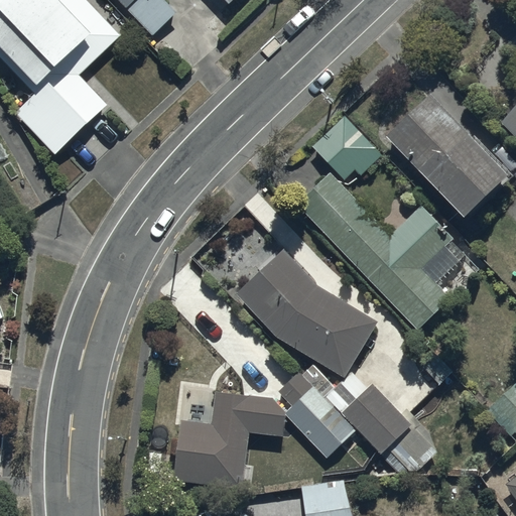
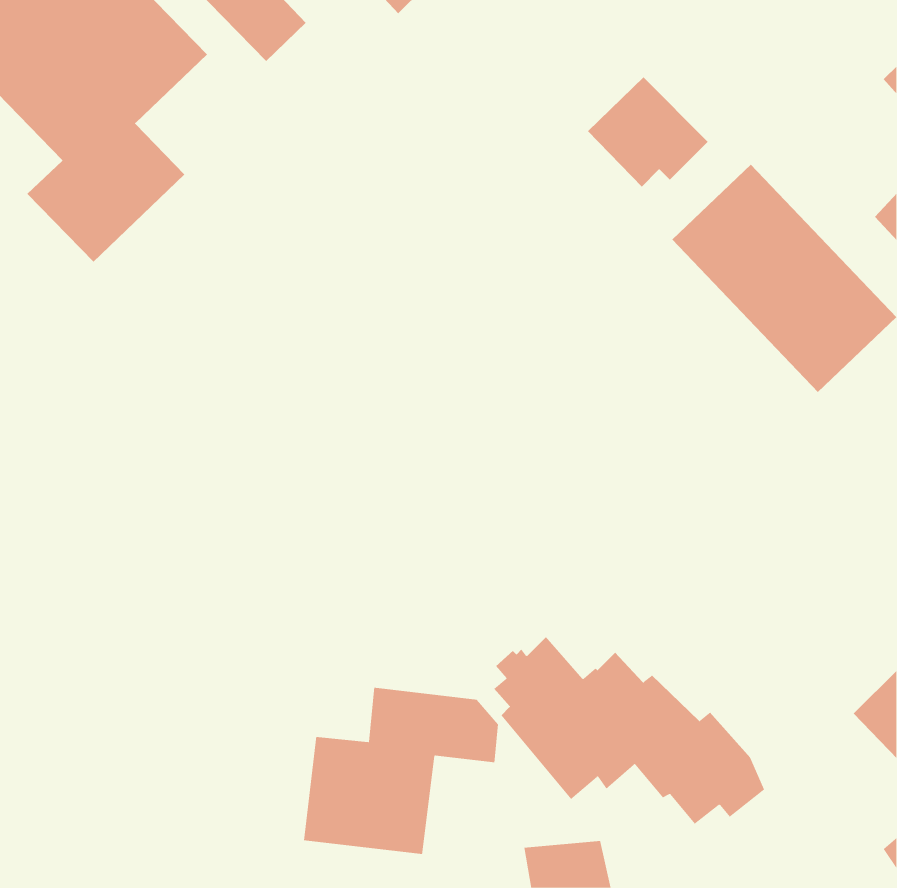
building: [311,115,381,178] -> [587,77,709,188]
building: [296,172,465,331] -> none
building: [236,251,377,377] -> none

